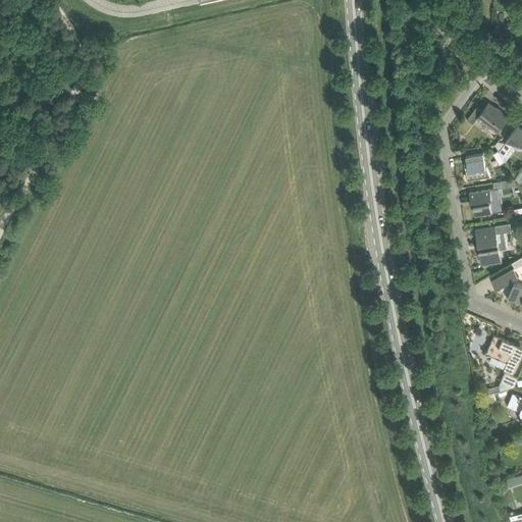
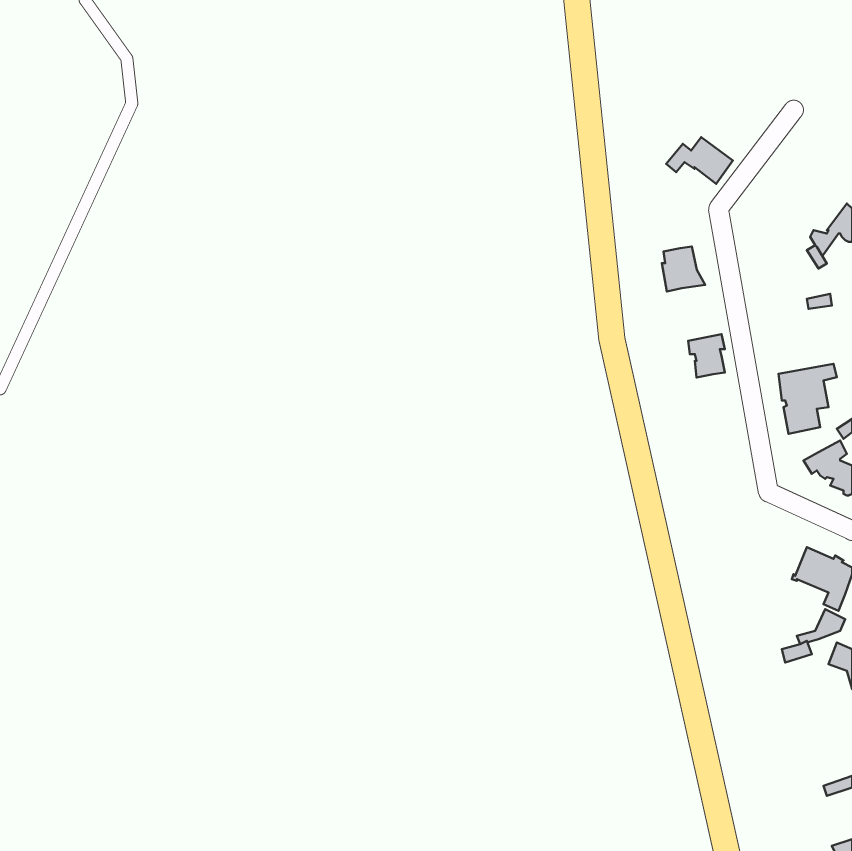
building: [467,104,508,133] -> [666,137,733,184]
building: [465,154,491,181] -> [662,247,705,292]
building: [470,190,492,216] -> [688,334,725,377]

